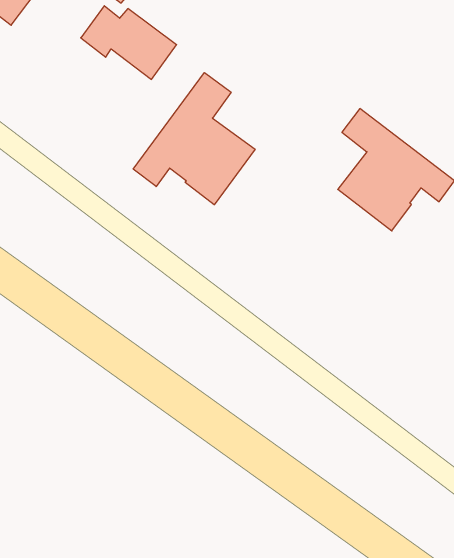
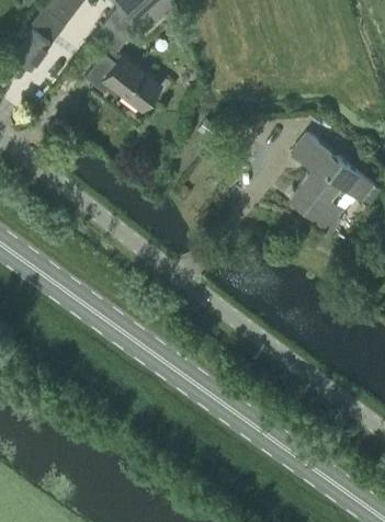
building: [133,73,255,205] -> none

